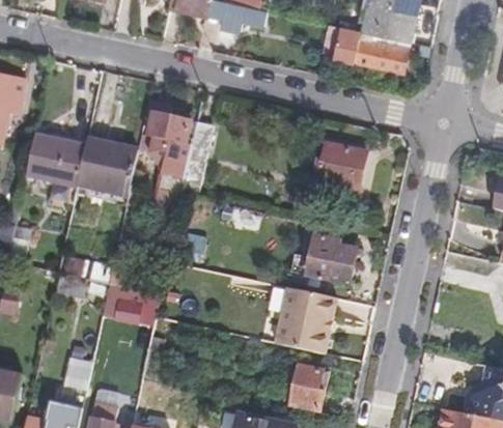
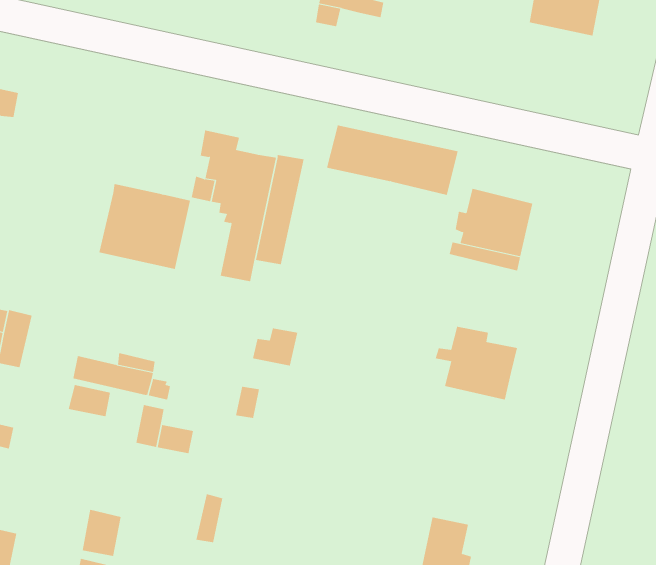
building: [318,21,408,68] -> [326,125,458,196]
building: [24,134,83,184] -> none
building: [277,286,338,353] -> none

